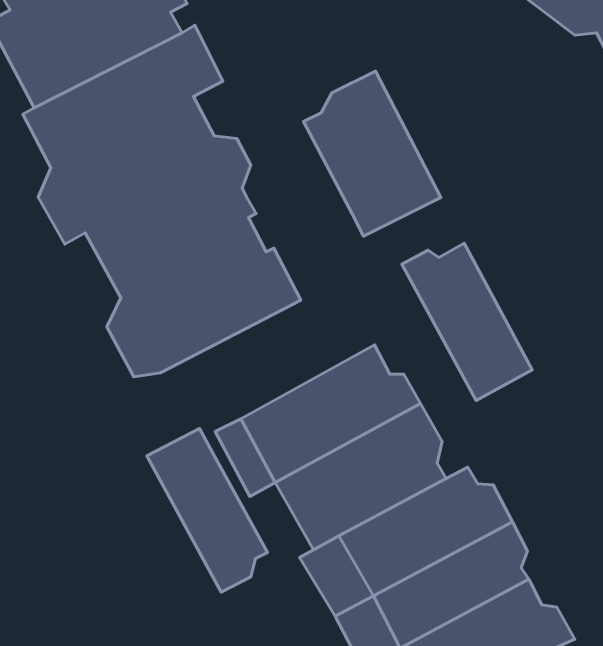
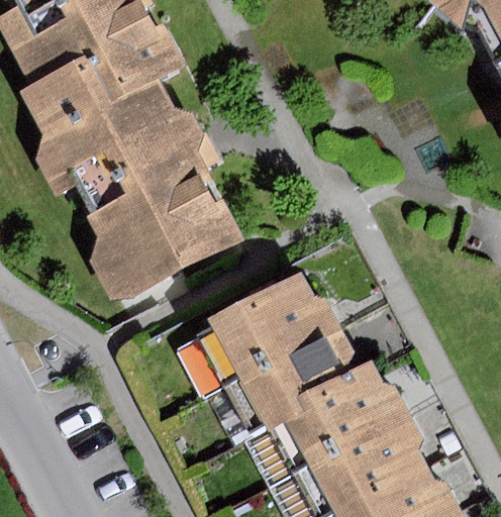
building: [303,71,441,236] -> none
building: [402,243,532,401] -> none
building: [147,429,268,592] -> none

